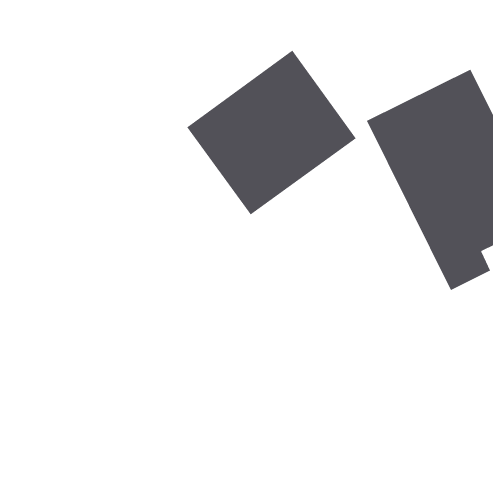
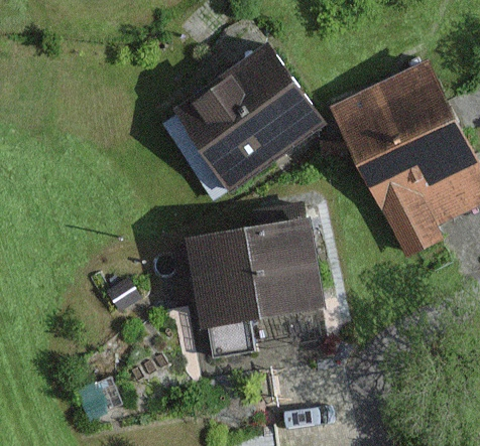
building: none -> [167,216,325,357]

